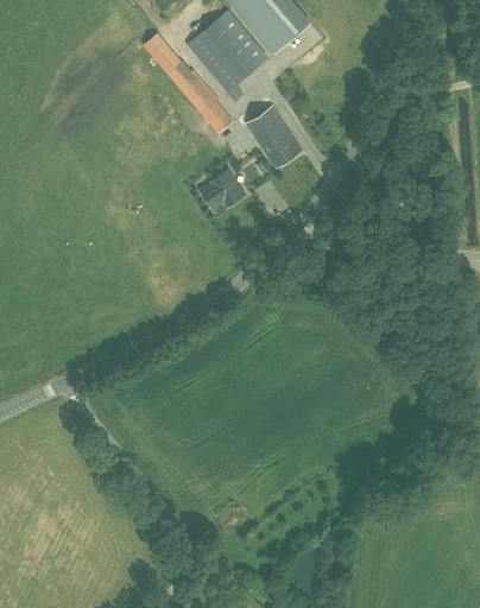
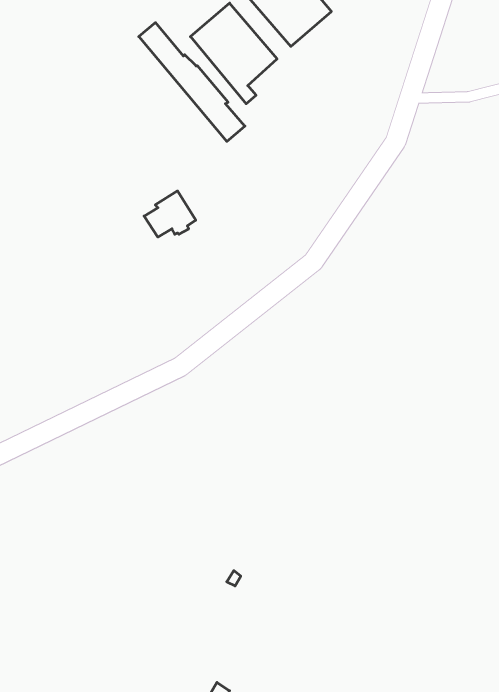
building: [247,106,302,167] -> none
building: [201,169,245,208] -> [144,191,196,237]

